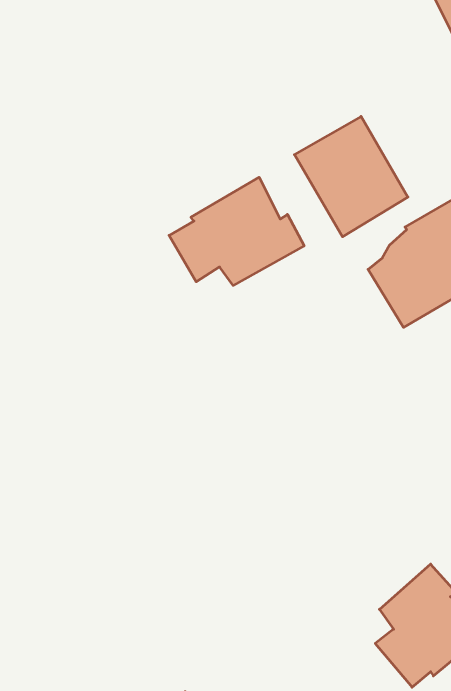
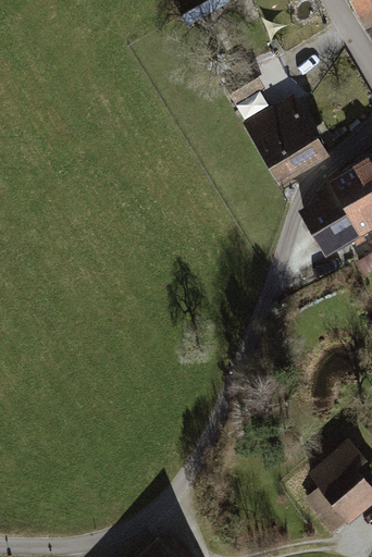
building: [169,177,304,285] -> none

